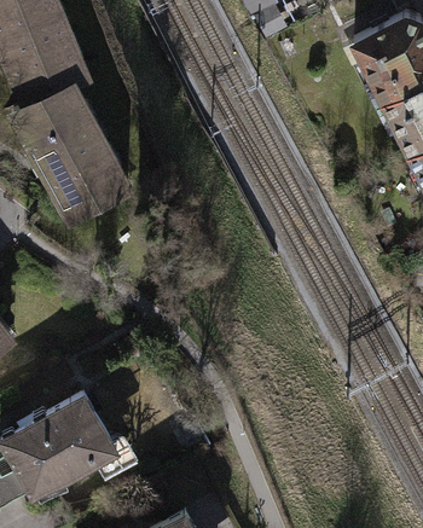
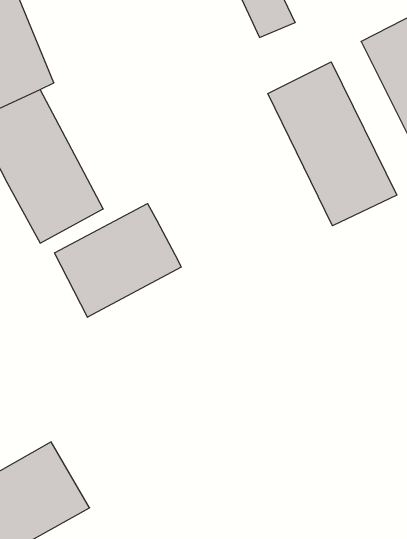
building: none -> [268,62,397,226]
building: none -> [55,204,181,317]

